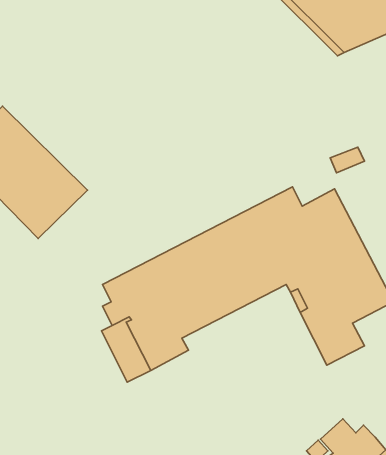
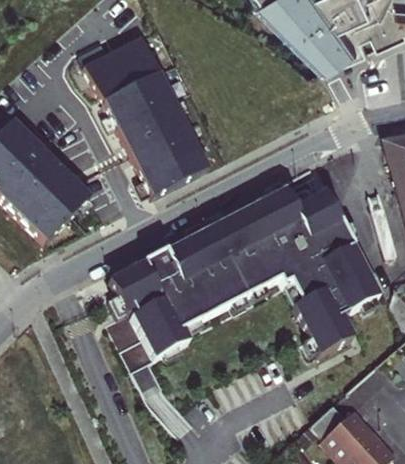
building: none -> [86,33,211,193]

